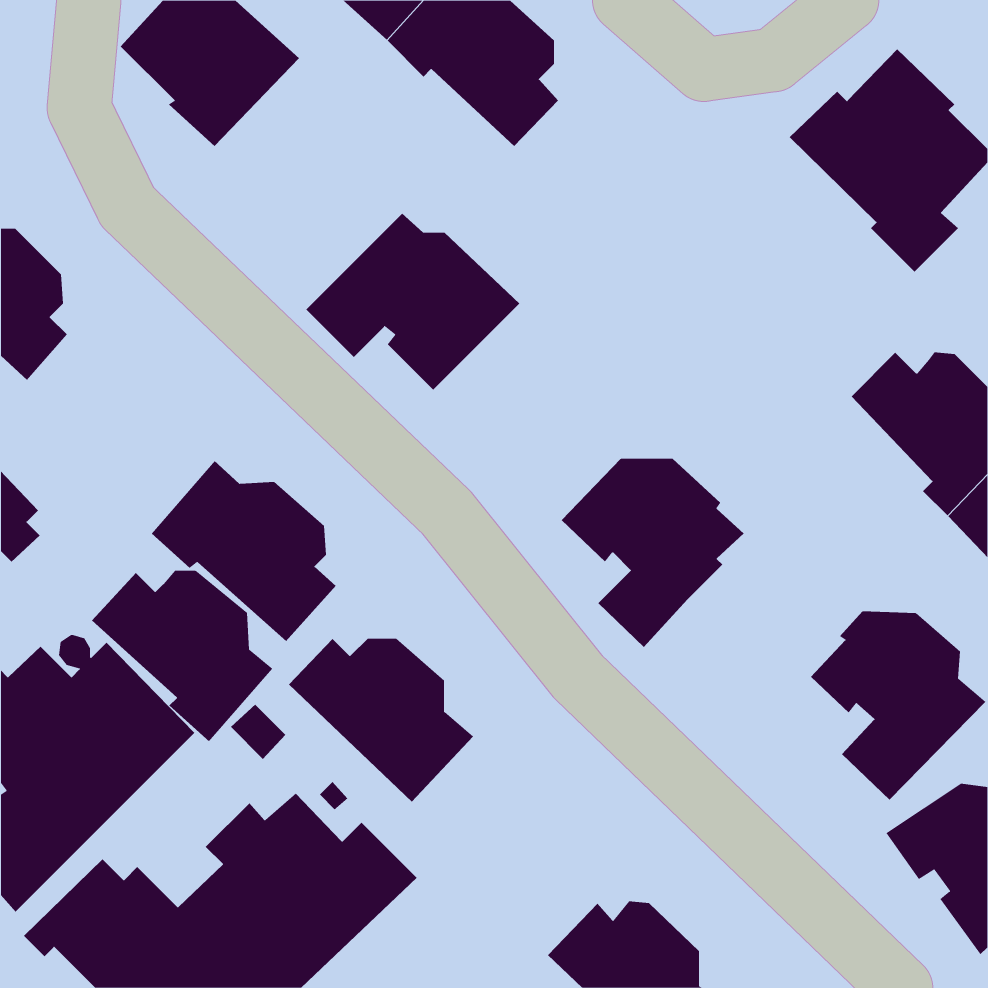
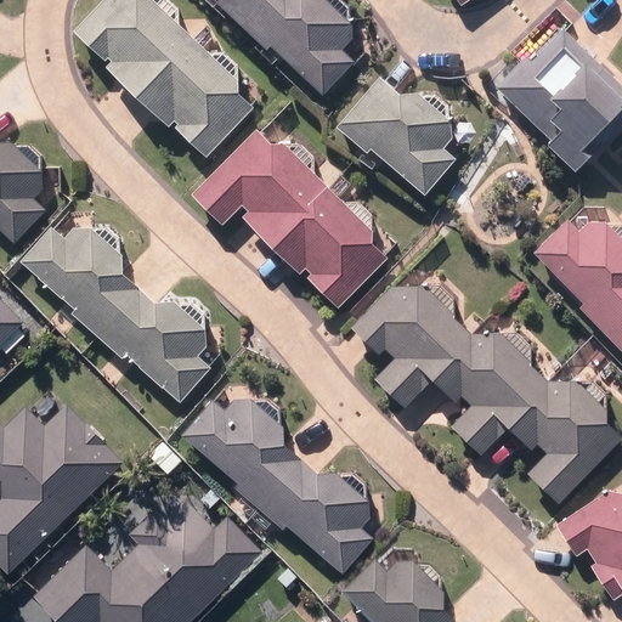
building: none -> [135,36,251,156]
building: none -> [335,79,452,194]
building: none -> [272,191,384,309]
building: none -> [432,335,542,453]
building: [91,570,273,742] -> [21,227,135,335]
building: none -> [259,463,372,572]

